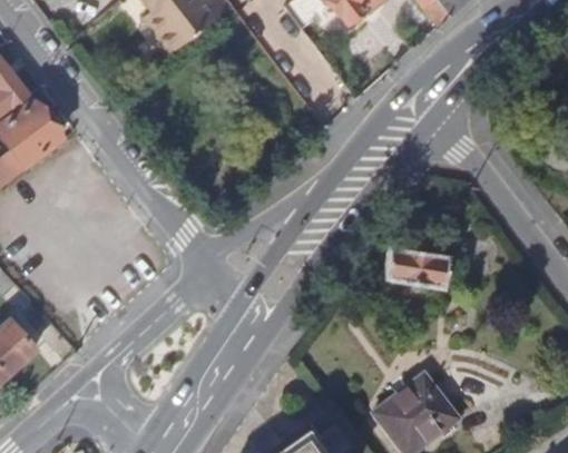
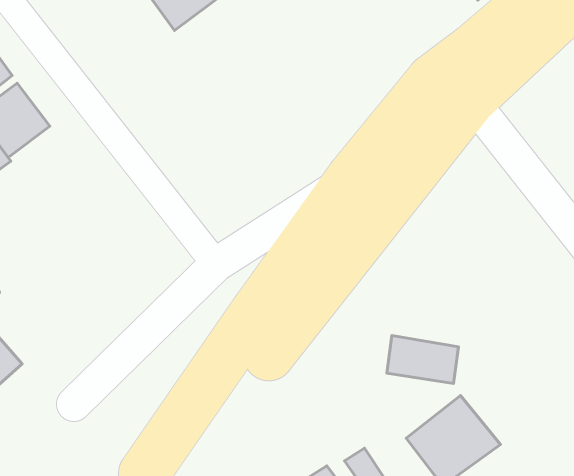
building: [385,245,449,287] -> [387,336,459,383]

